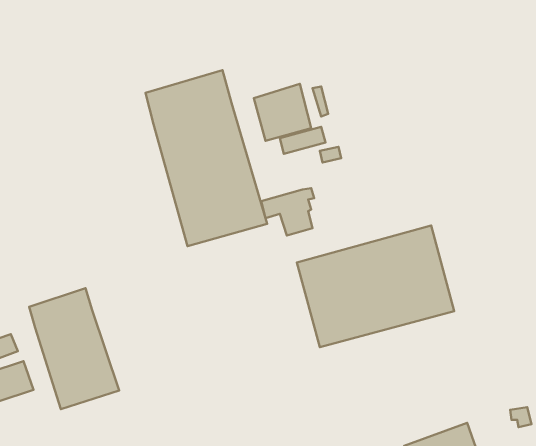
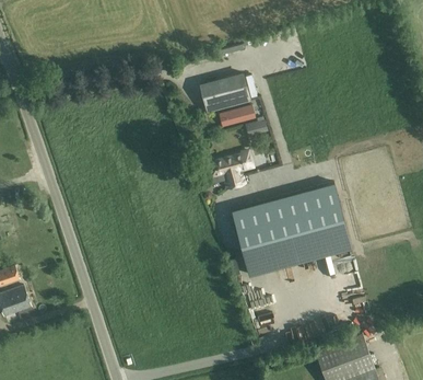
building: [145,70,267,246] -> none
building: [29,288,119,409] -> none

